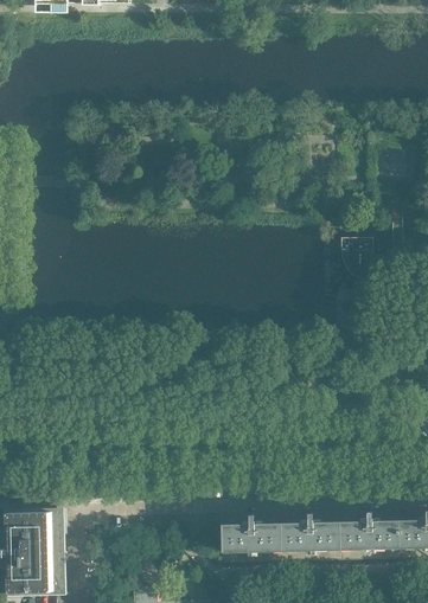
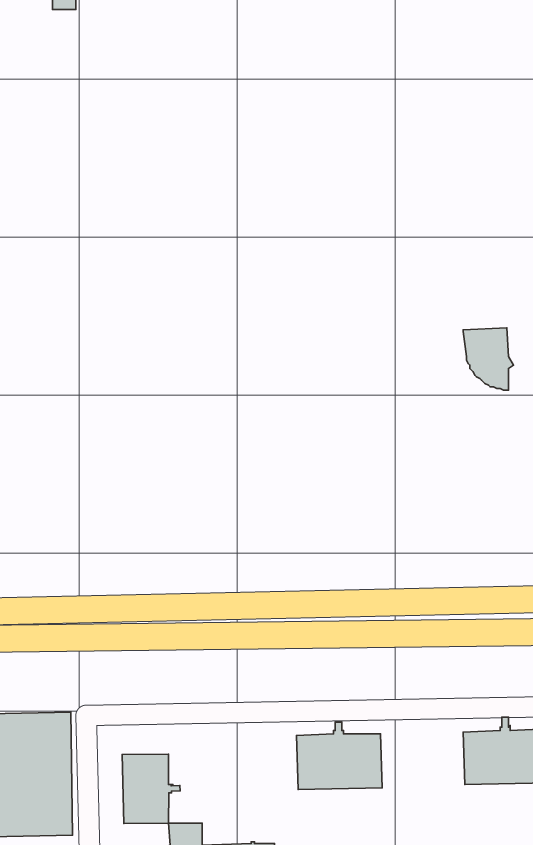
building: [280,508,339,556] -> none
building: none -> [122,754,180,824]

